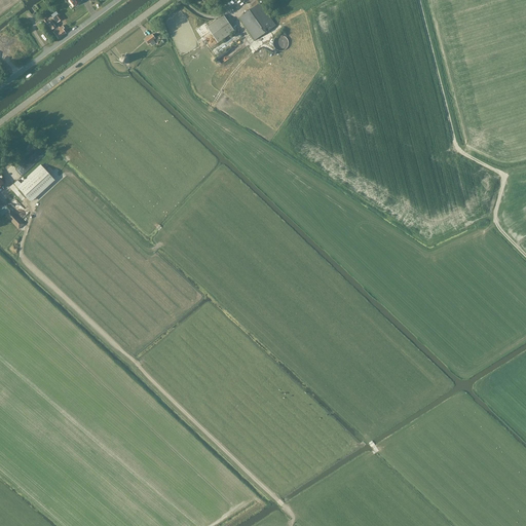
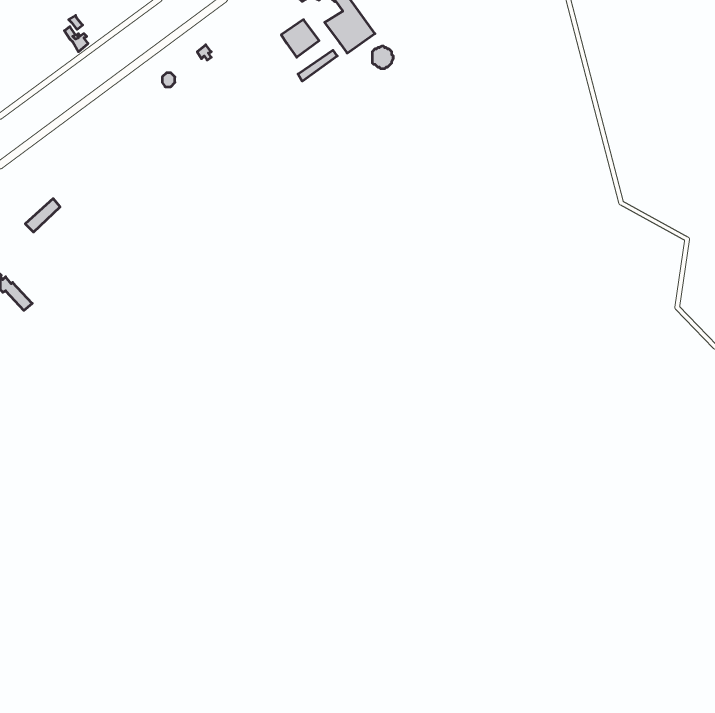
building: [13,163,53,200] -> none

